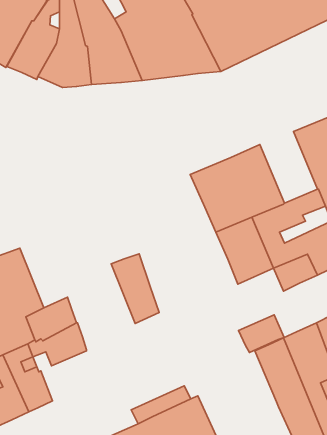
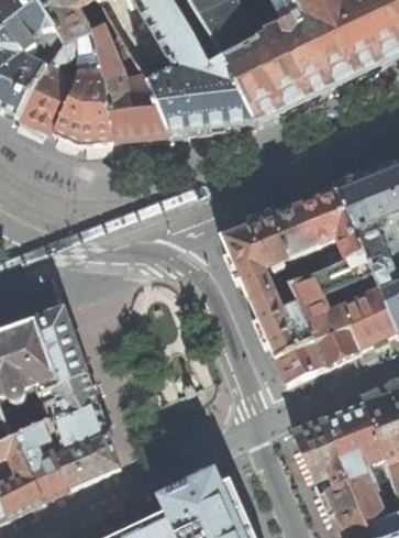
building: none -> [299,189,363,268]
building: [111,254,159,324] -> [34,307,87,384]
building: [238,315,284,353] -> [275,340,325,382]
building: none -> [57,431,120,486]

